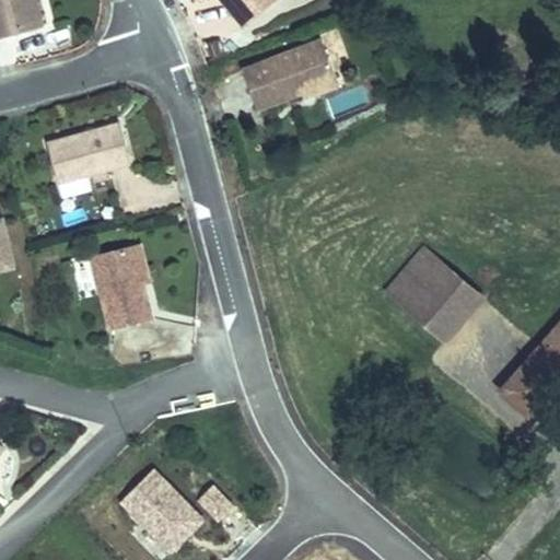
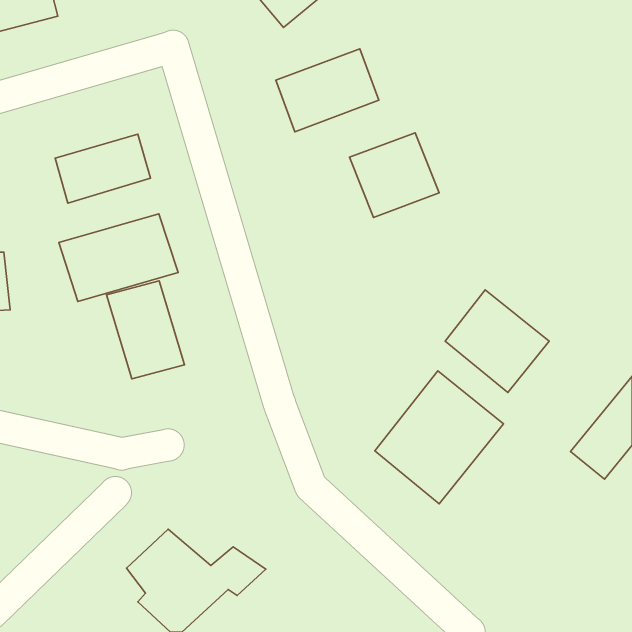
building: none -> [349,133,439,217]
building: none -> [59,214,178,301]
building: none -> [375,371,504,504]

